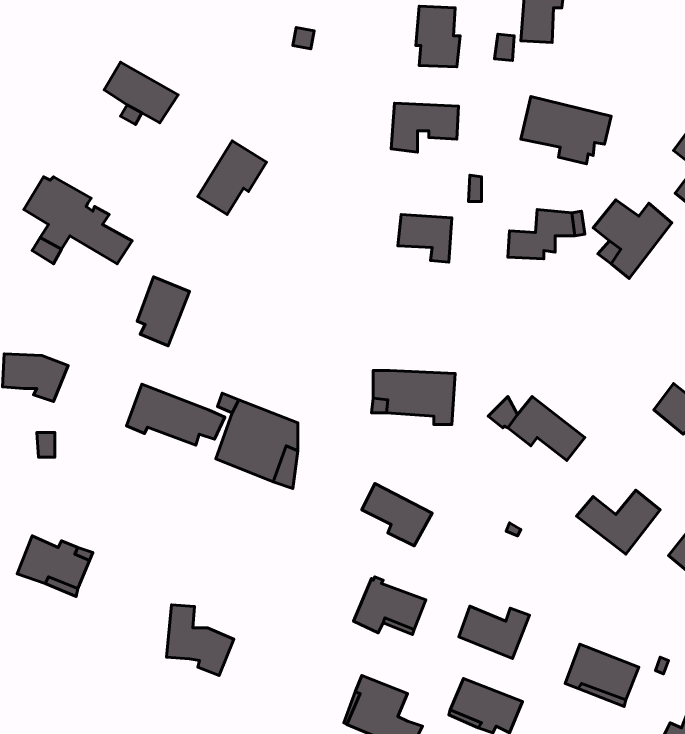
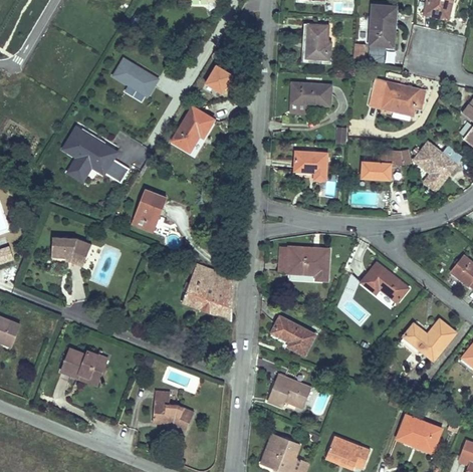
building: none -> [205,65,232,92]
building: [126,384,225,445] -> none
building: [459,606,529,658] -> none

